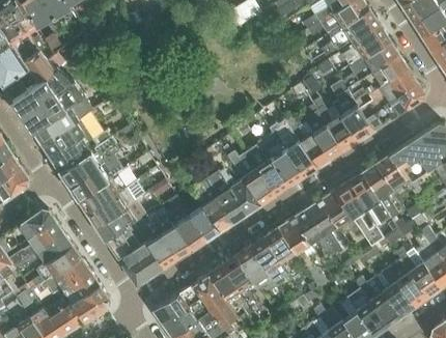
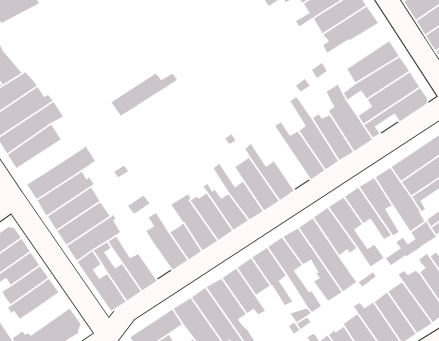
building: [340,25,390,66] -> none
building: [270,118,317,177] -> none
building: [50,131,111,171] -> [110,72,177,117]
building: [146,209,192,259] -> none
building: [56,270,99,308] -> none

